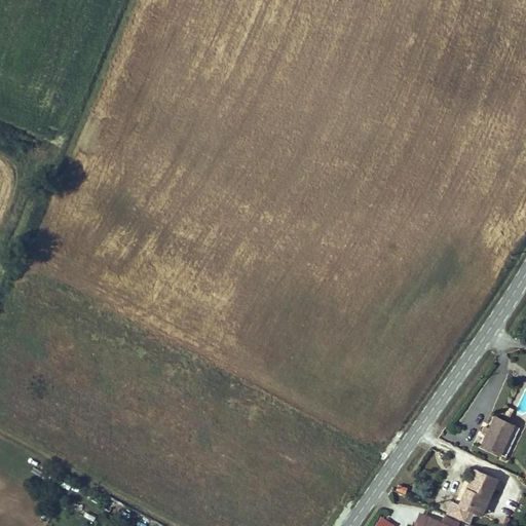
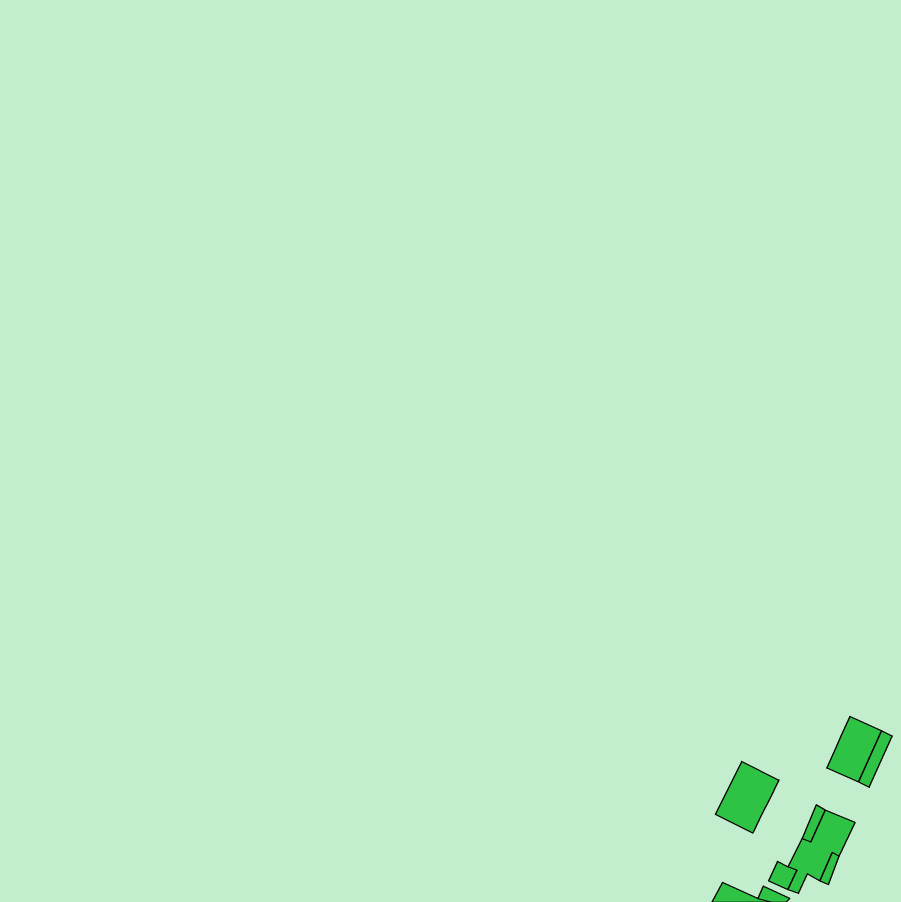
building: none -> [715,761,779,833]

